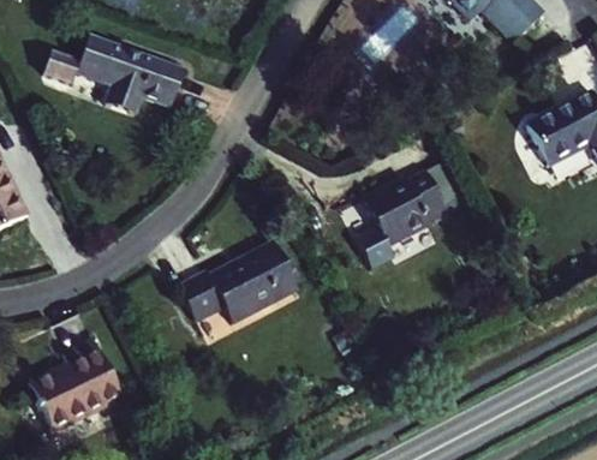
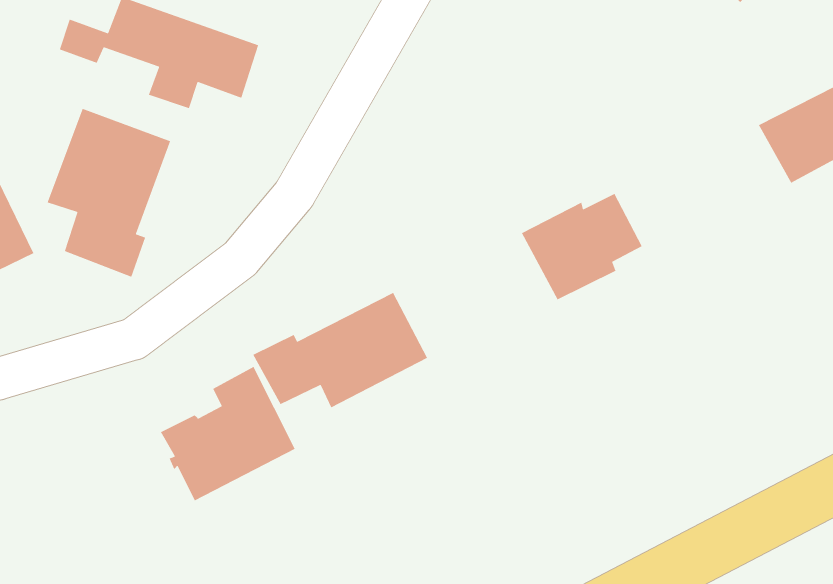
building: none -> [47,108,171,278]
building: [29,339,123,432] -> [160,366,296,502]

